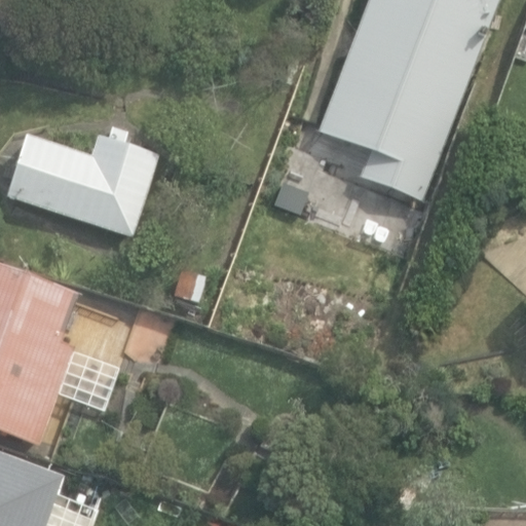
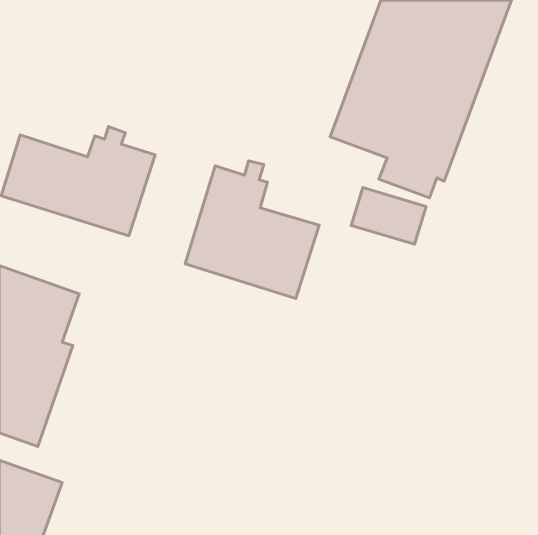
building: none -> [185,161,319,299]

